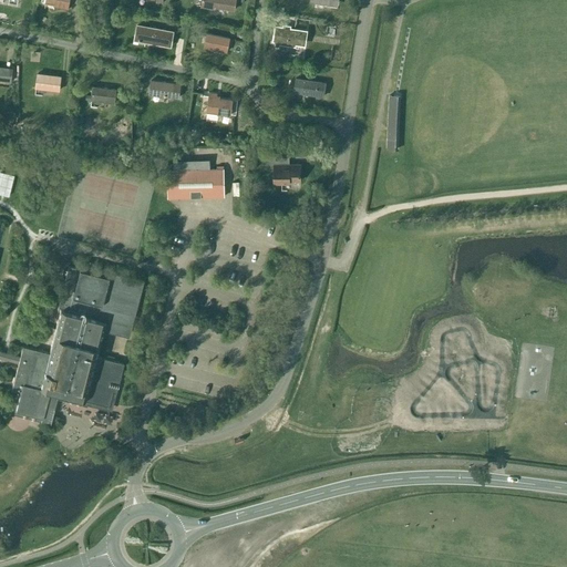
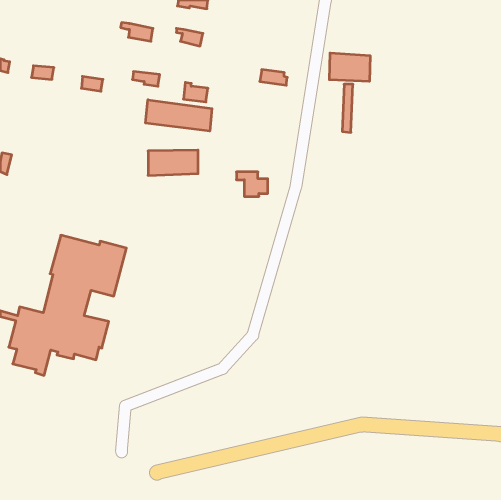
building: [271,25,306,49] -> none
building: none -> [329,53,370,81]
building: none -> [146,100,212,131]
building: [265,157,300,185] -> [236,172,268,196]

